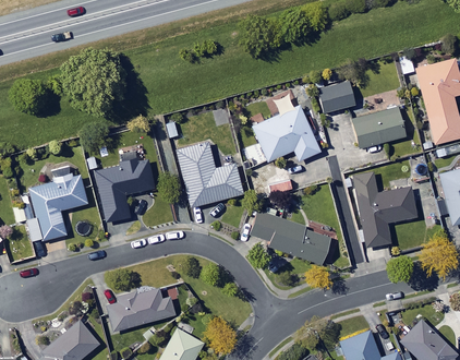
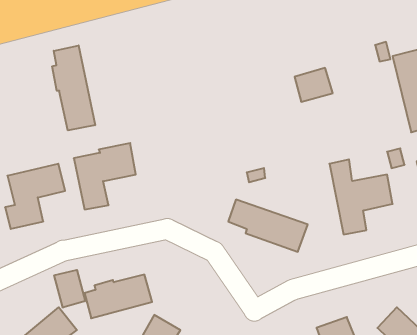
building: none -> [52,45,95,130]
building: [253,107,319,161] -> none
building: [352,107,404,147] -> none
building: [177,142,243,206] -> none
building: none -> [54,270,85,308]

